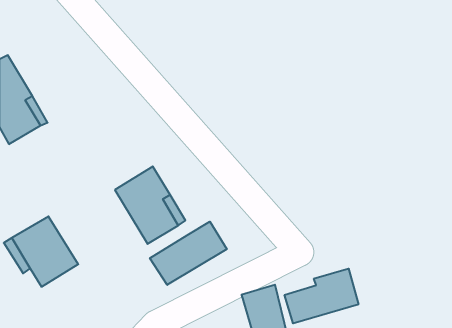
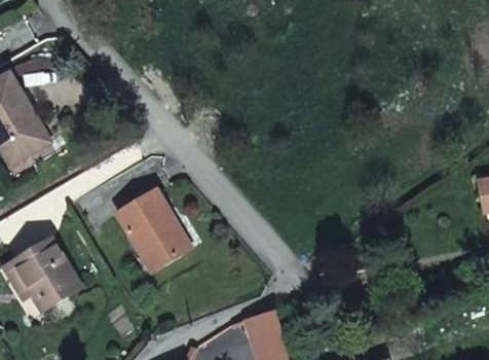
building: [150,222,227,285] -> none
building: [285,269,358,323] -> none

